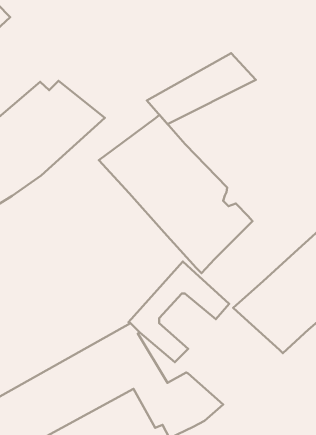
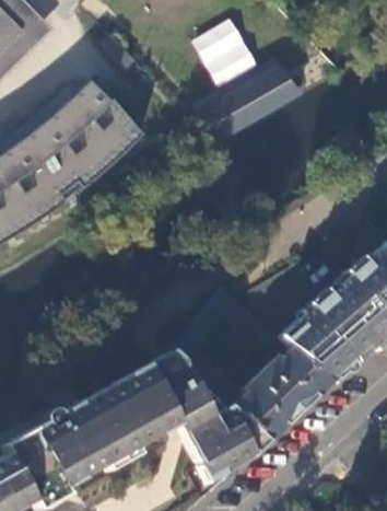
building: none -> [192,16,259,86]
building: [99,115,252,273] -> none
building: none -> [231,349,328,441]

